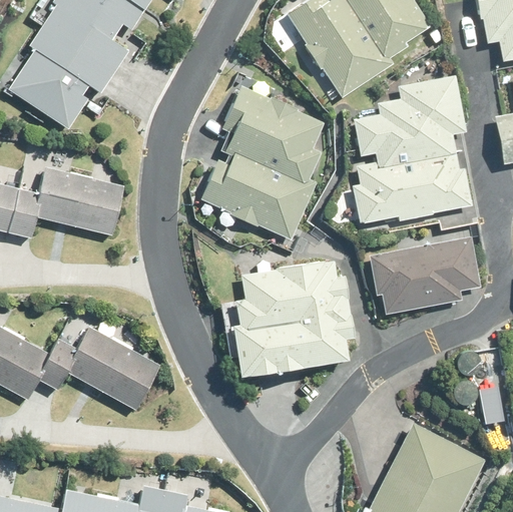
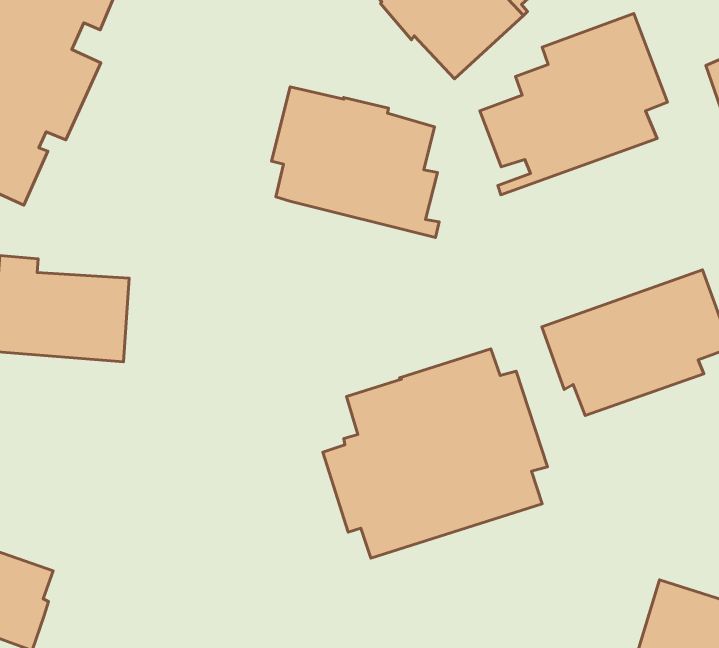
building: [201,154,314,239] -> none
building: [352,154,473,223] -> none
building: [38,321,159,410] -> none

